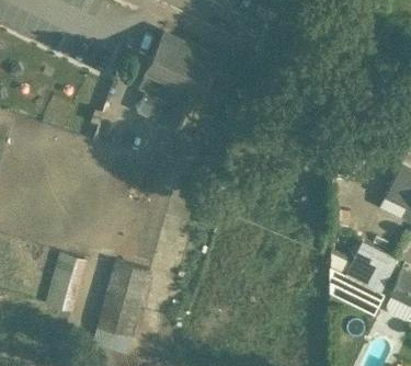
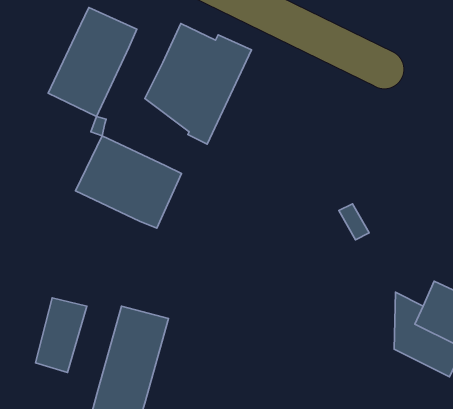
building: none -> [48,8,137,116]
building: none -> [76,136,181,228]

